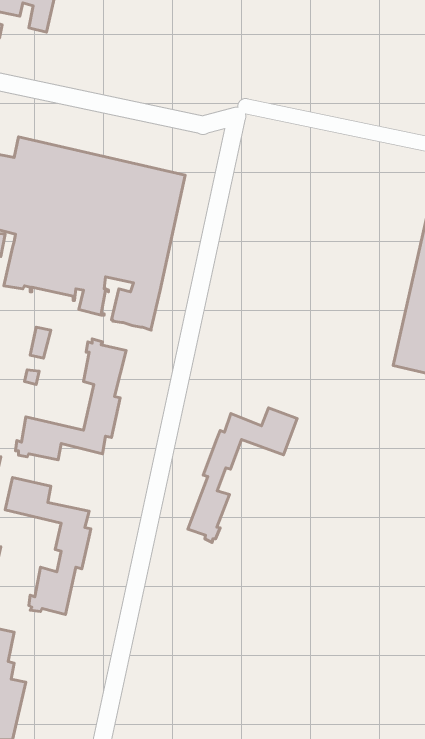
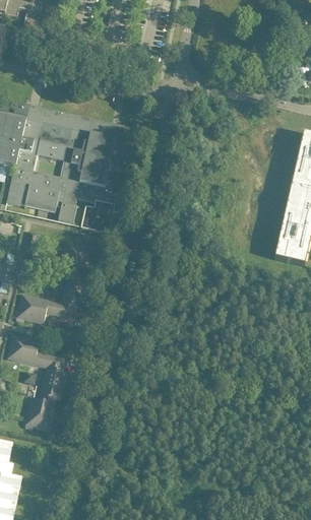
building: [188,408,297,543] -> none

